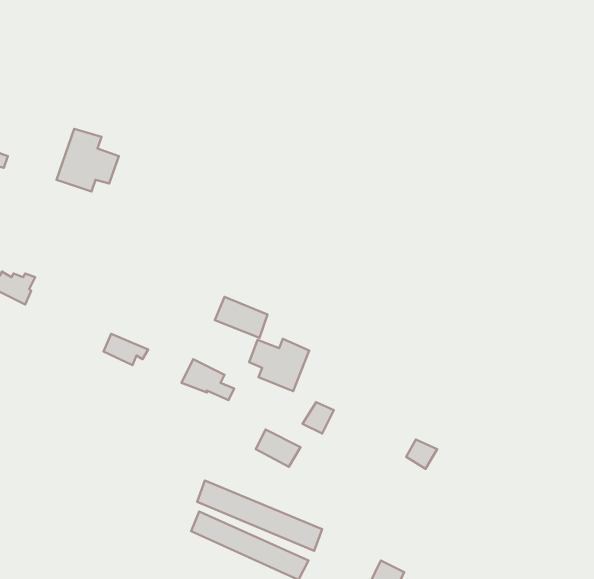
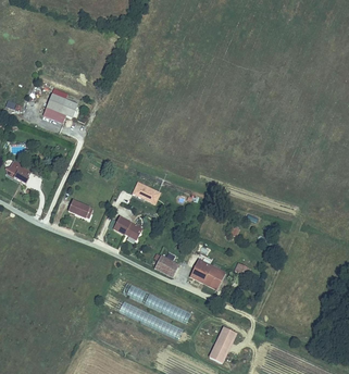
building: [249,339,309,391] -> none
building: none -> [190,258,225,288]

